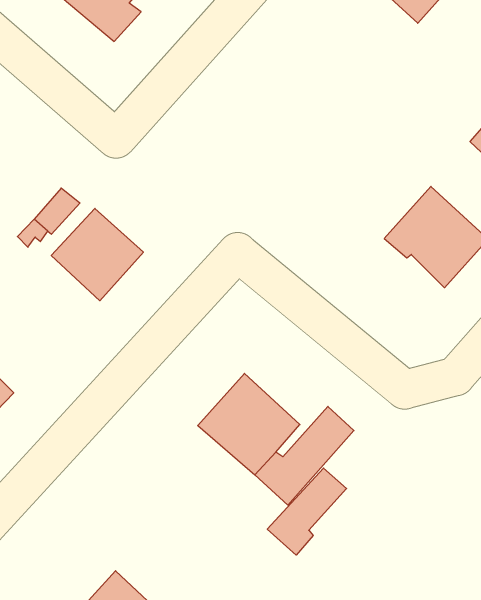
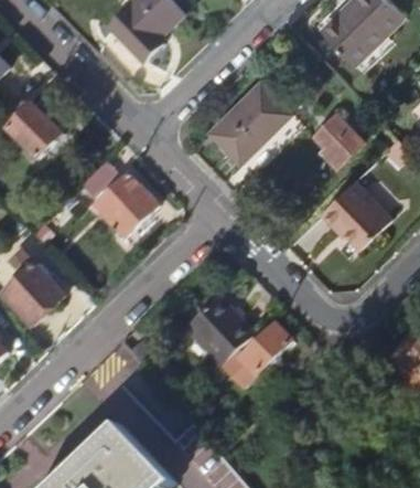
building: none -> [208,81,291,165]
building: none -> [313,112,365,163]
building: [267,468,347,555] -> none

